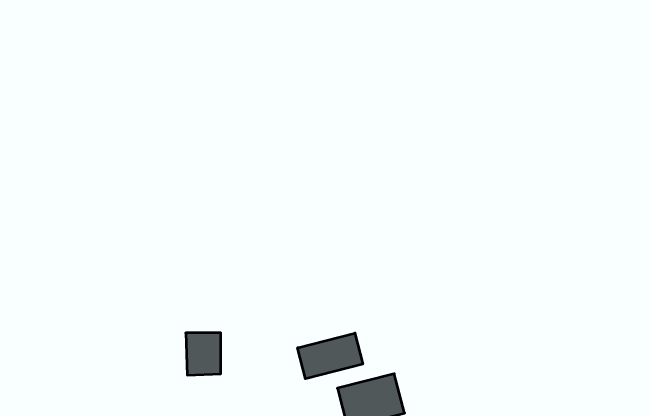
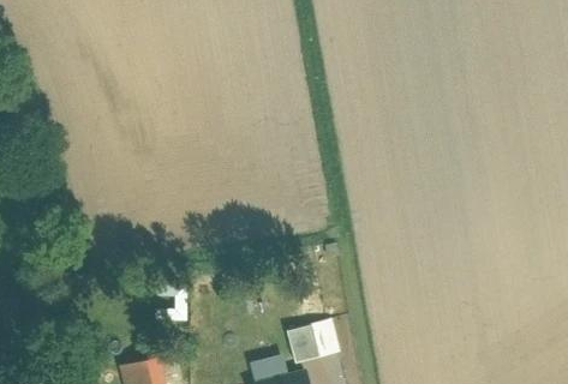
building: [298,333,363,379] -> none

